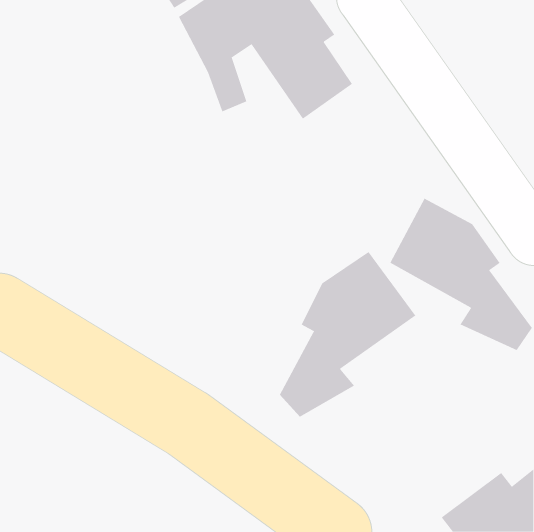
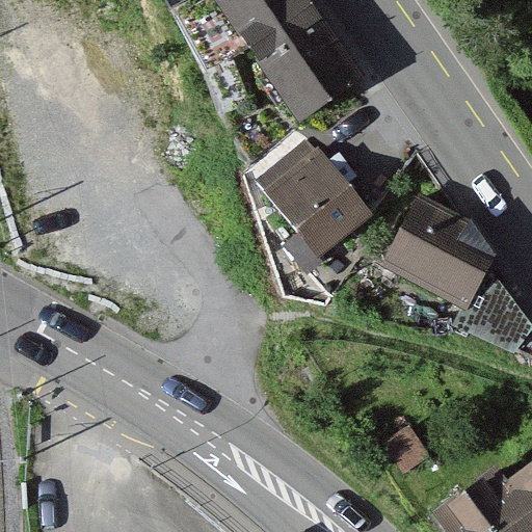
building: none -> [257,138,369,256]
building: [279,251,416,418] -> none

